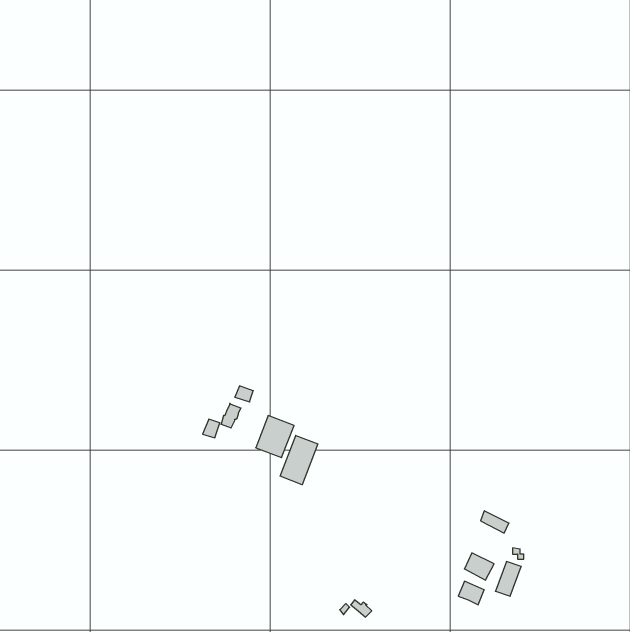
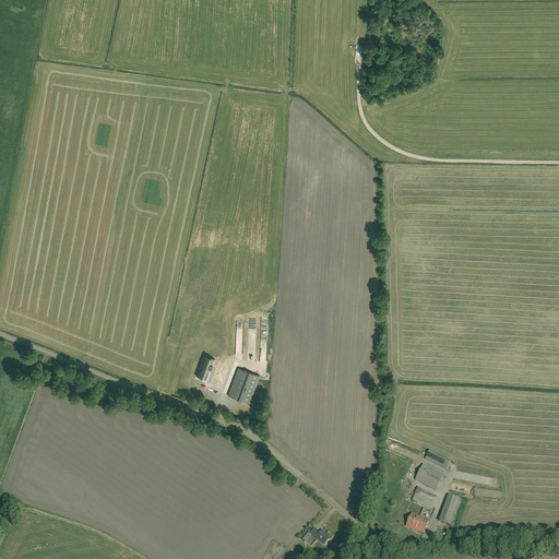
building: [280,435,318,485] -> none
building: none -> [414,464,443,490]

